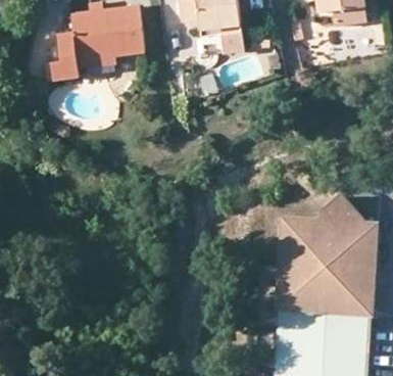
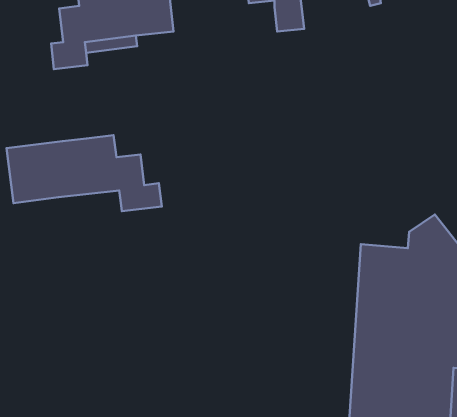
building: none -> [6,135,162,211]

